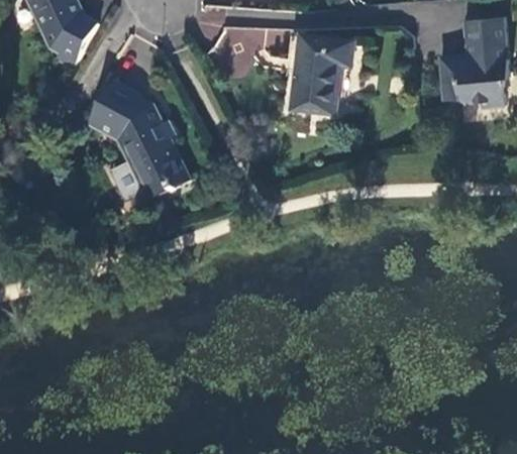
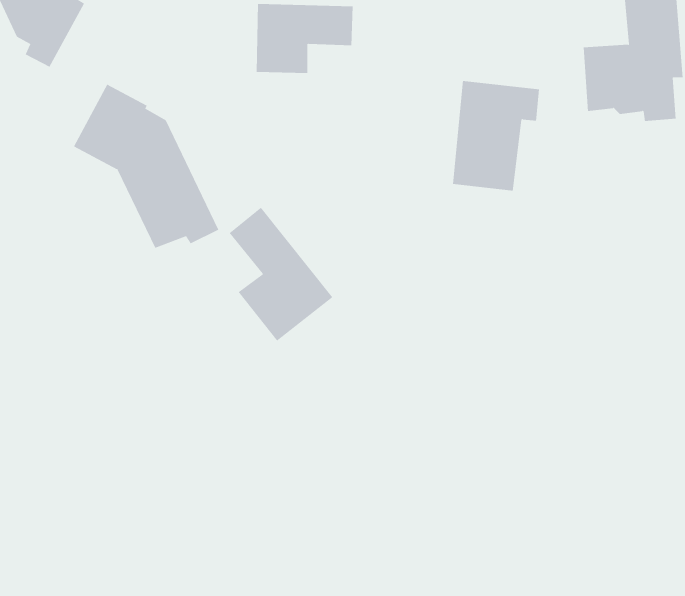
building: [293,33,353,110] -> [452,80,540,191]
building: none -> [229,207,333,342]

